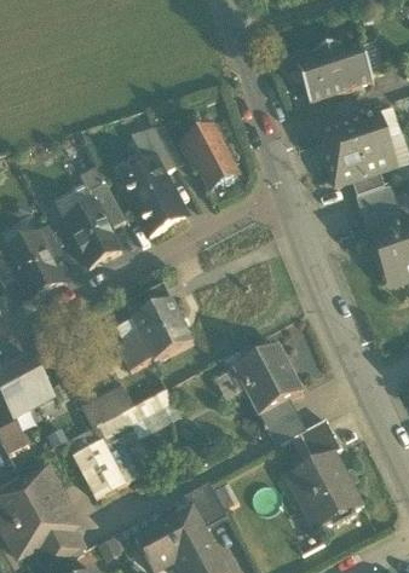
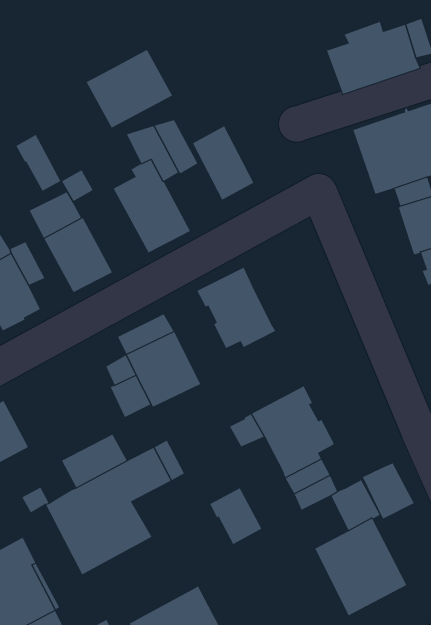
building: none -> [86,49,173,128]
building: [88,181,126,228] -> [16,134,61,192]
building: none -> [197,267,276,349]
building: none -> [362,462,415,519]
building: [184,482,227,529] -> [209,488,262,545]

